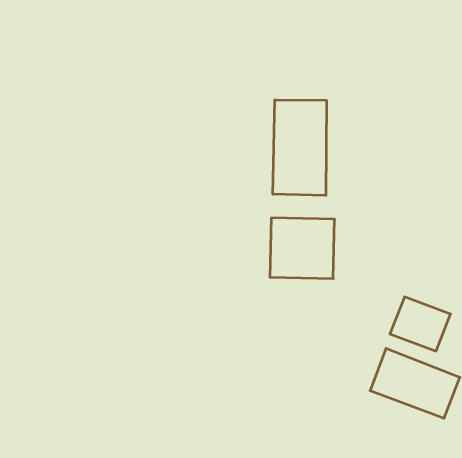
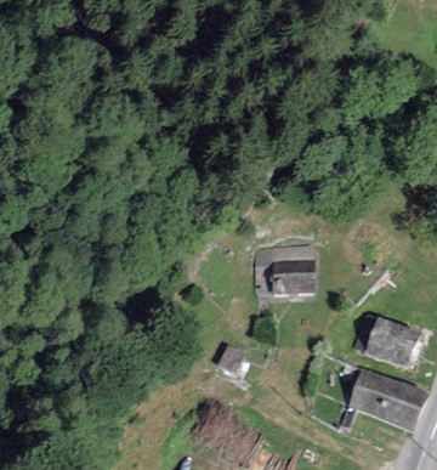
building: [273,100,326,195] -> none

